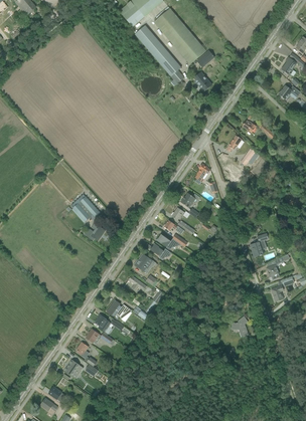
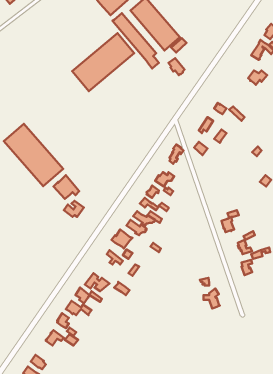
building: none -> [72,33,134,91]
building: none -> [4,124,63,186]

